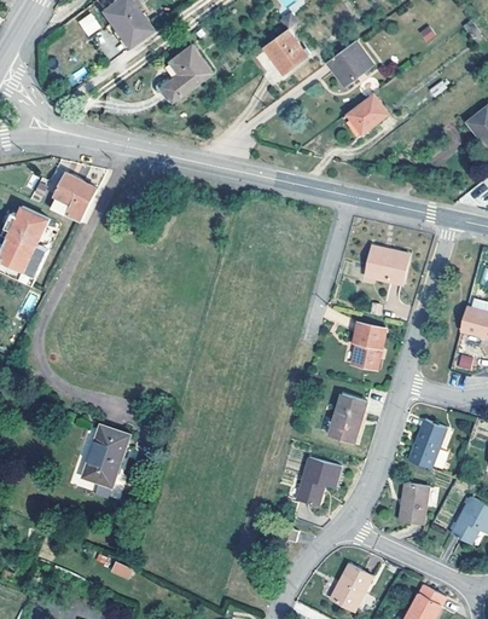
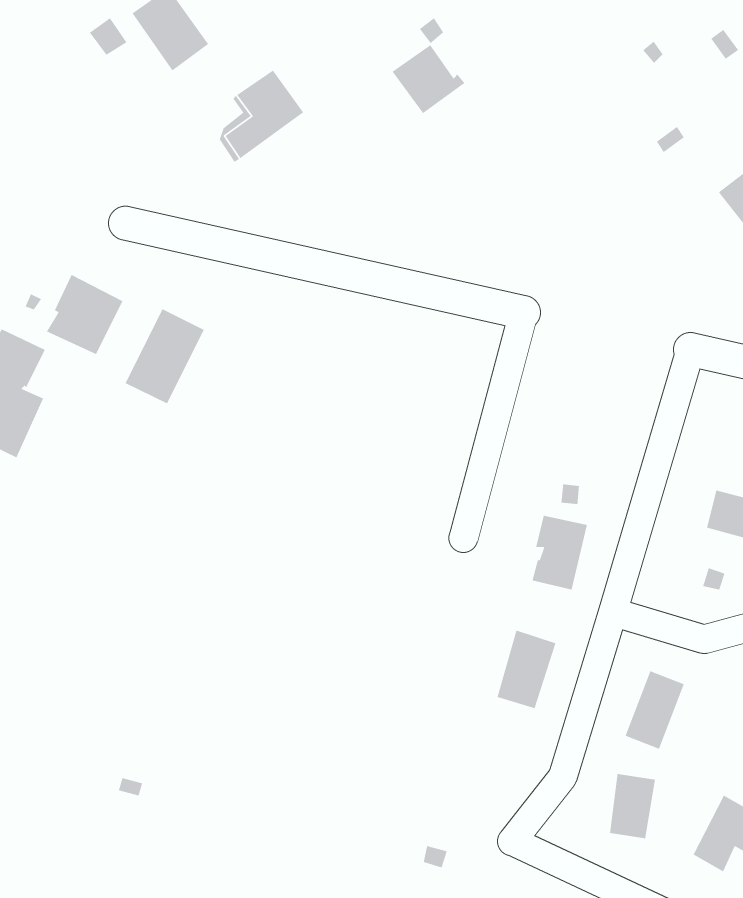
building: [326,41,372,86] -> none
building: [345,93,388,133] -> none
building: none -> [124,308,205,405]
building: [365,245,408,284] -> none
building: [83,424,129,486] -> none
building: [296,457,339,505] -> none

